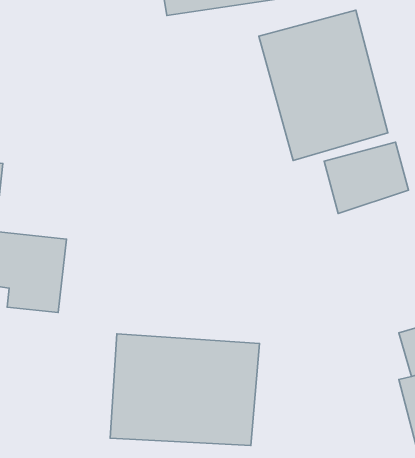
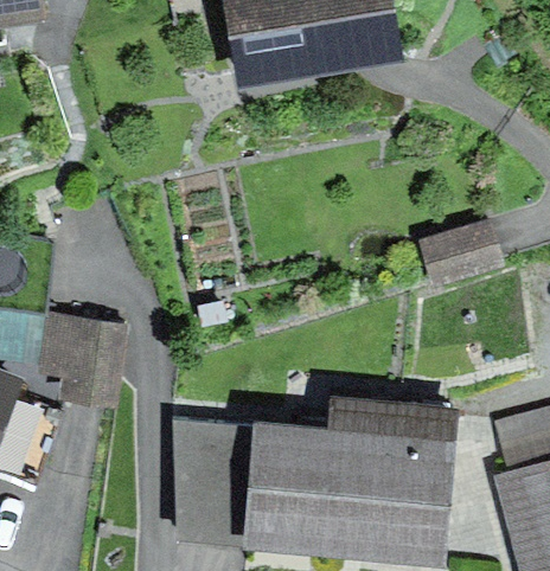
building: [259,10,388,161] -> none
building: none -> [330,391,458,558]

